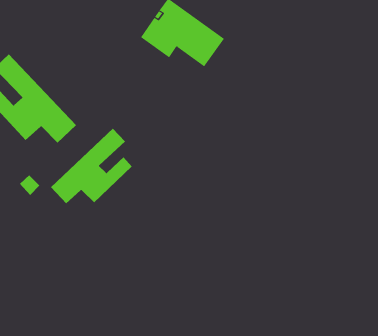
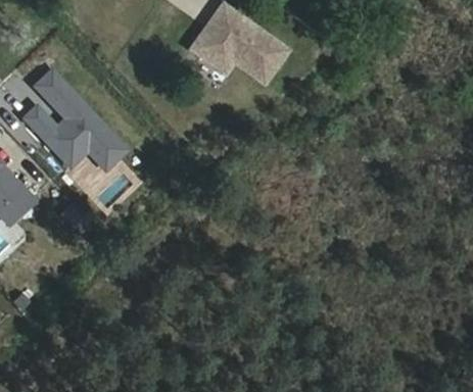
building: [50,128,132,204] -> none

